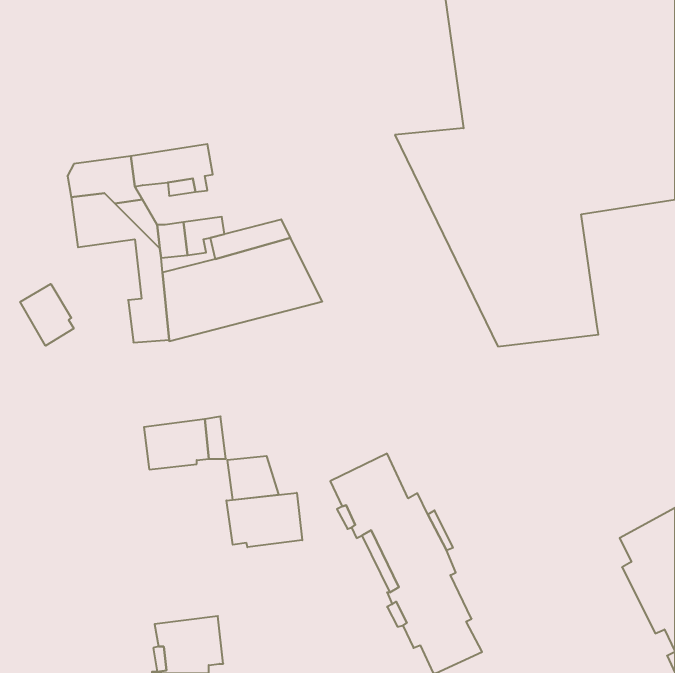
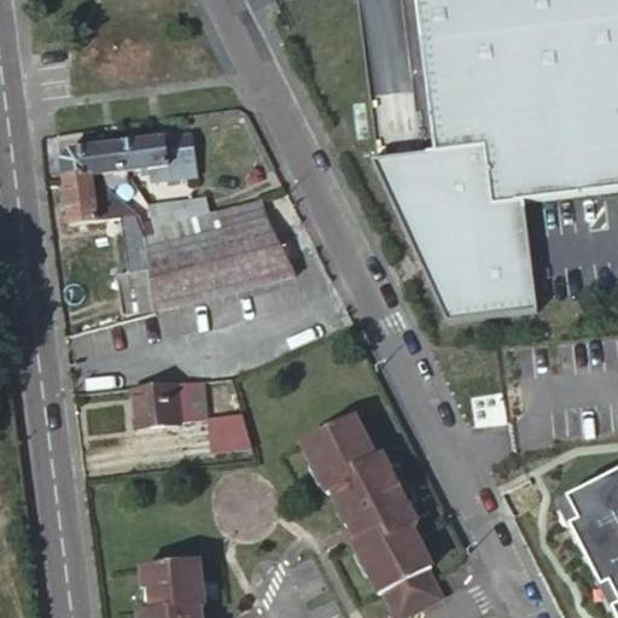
building: [20,284,74,346] -> none
building: [226,493,302,547] -> none

